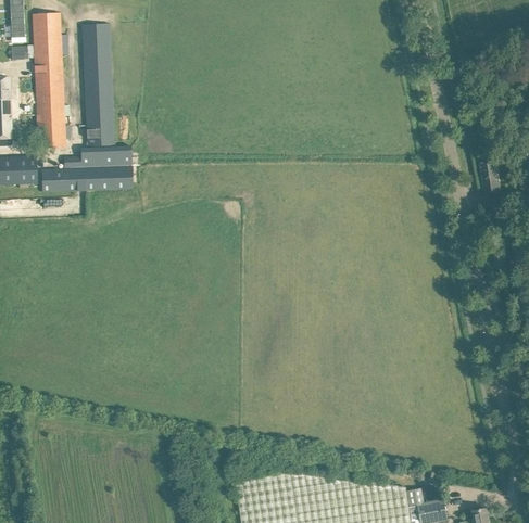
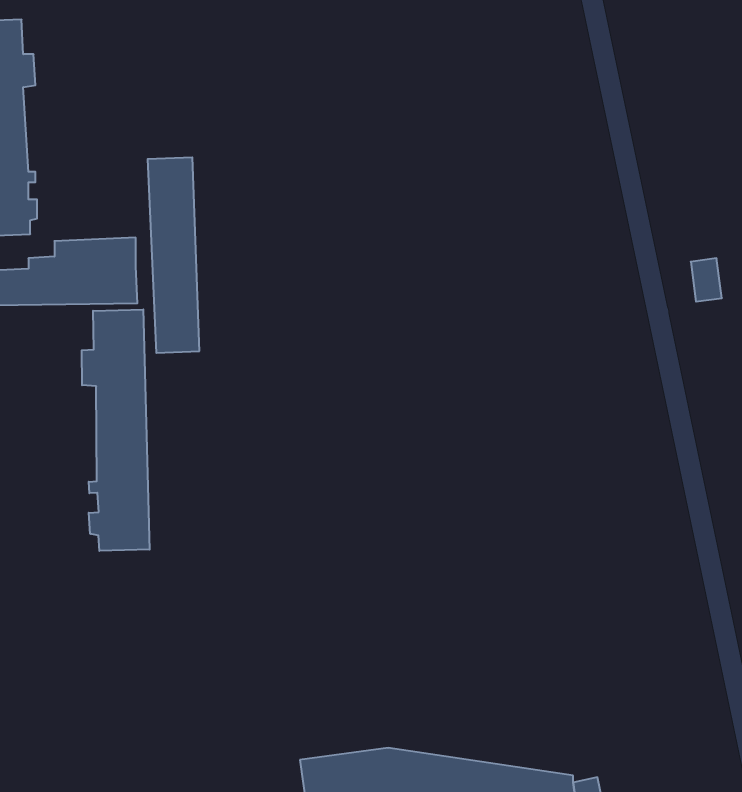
building: [81,25,114,148] -> [148,157,199,353]
building: none -> [82,309,150,551]

